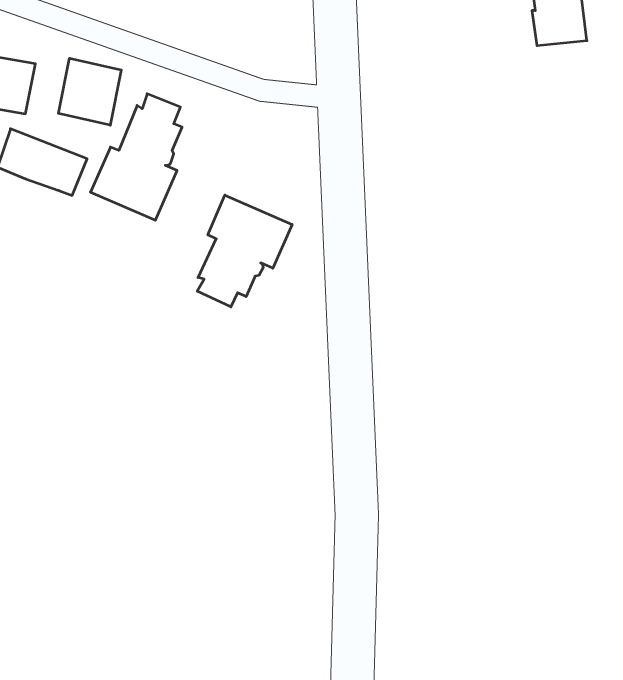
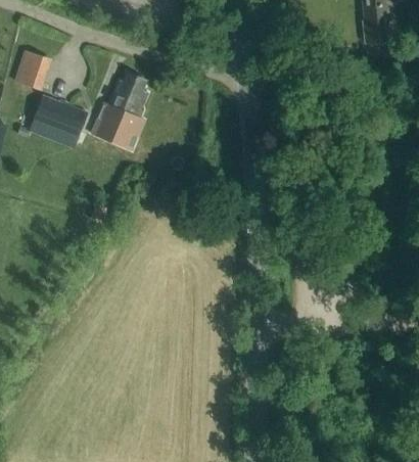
building: [58,58,121,125] -> none
building: [197,195,292,307] -> none

